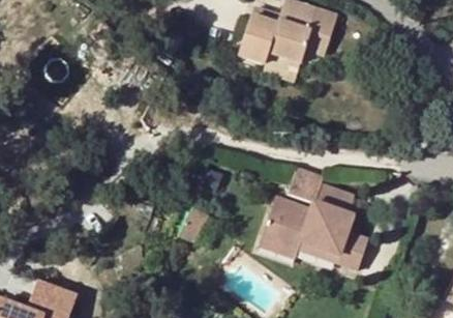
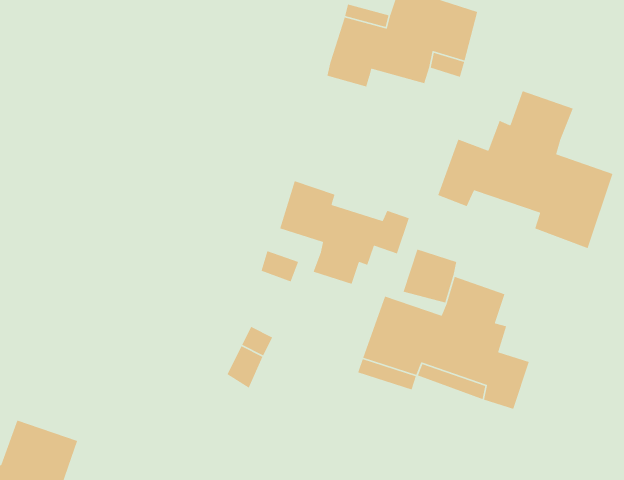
building: none -> [437,90,614,249]
building: none -> [279,180,410,285]

